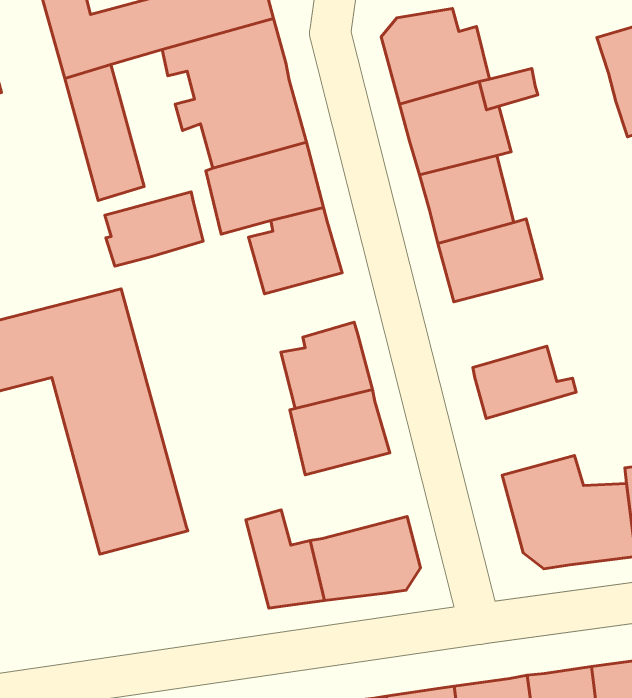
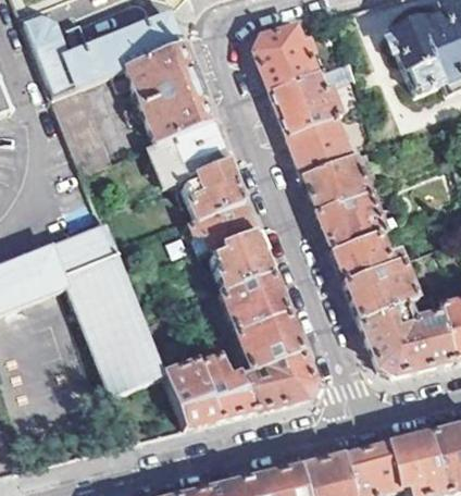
building: [105,192,203,266] -> [191,199,256,251]
building: none -> [317,188,388,250]
building: none -> [346,259,416,317]
building: none -> [235,310,302,369]
building: none -> [163,358,221,425]

